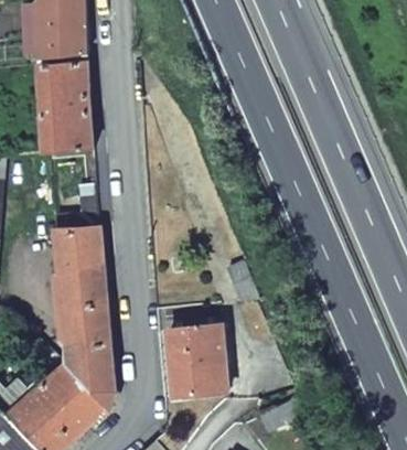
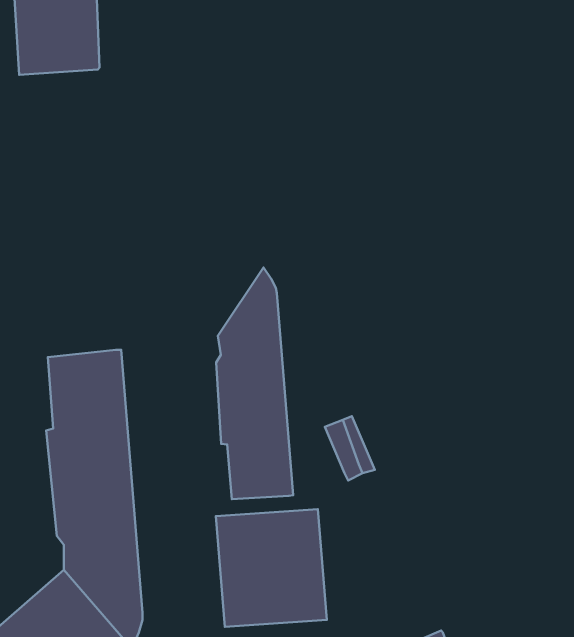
building: [36,61,93,153] -> none
building: none -> [216,267,293,499]

